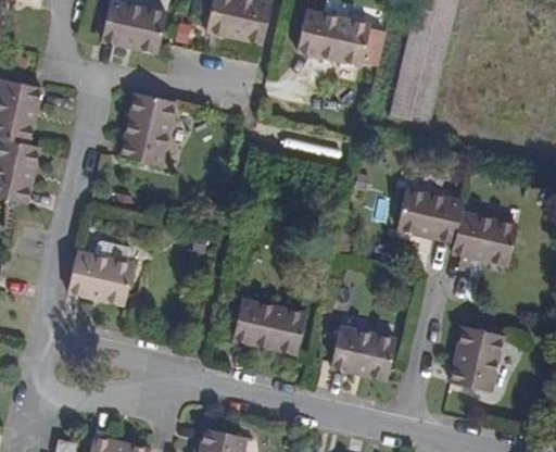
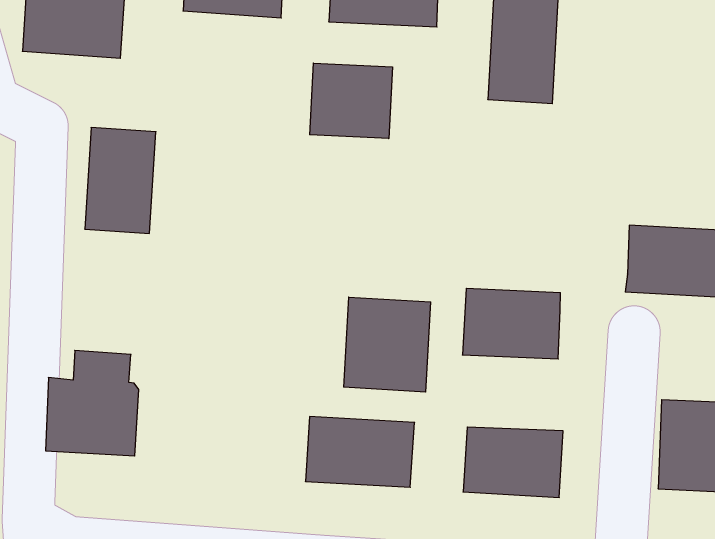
building: none -> [310,63,392,139]
building: [394,189,463,243] -> [462,288,560,359]
building: none -> [344,297,431,392]

